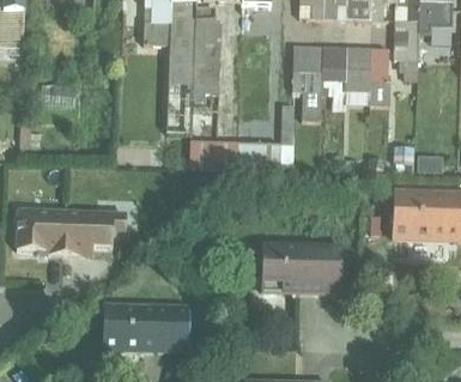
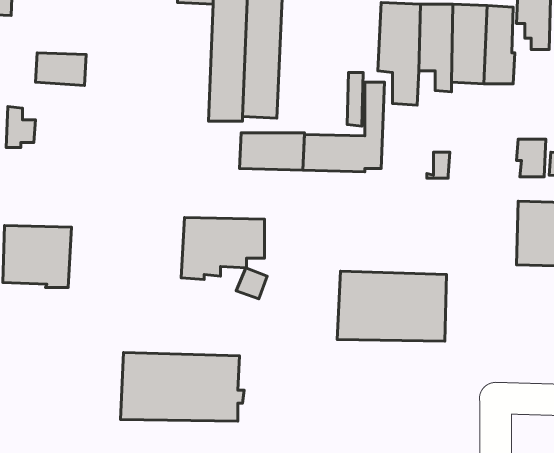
building: [63,207,125,253] -> [181,217,264,279]

